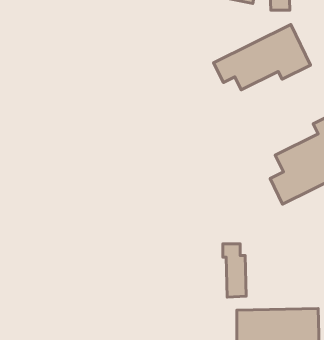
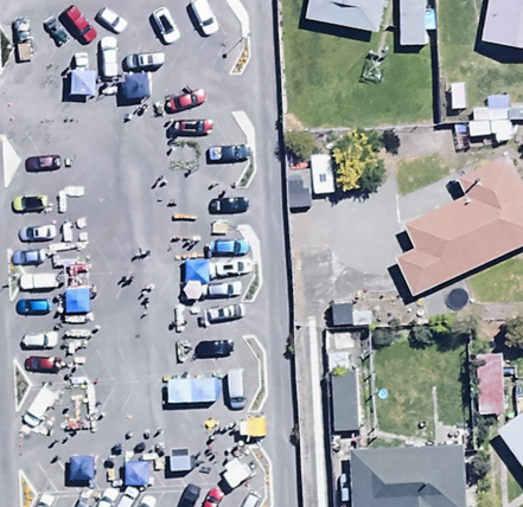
building: [213,24,311,90] -> none

